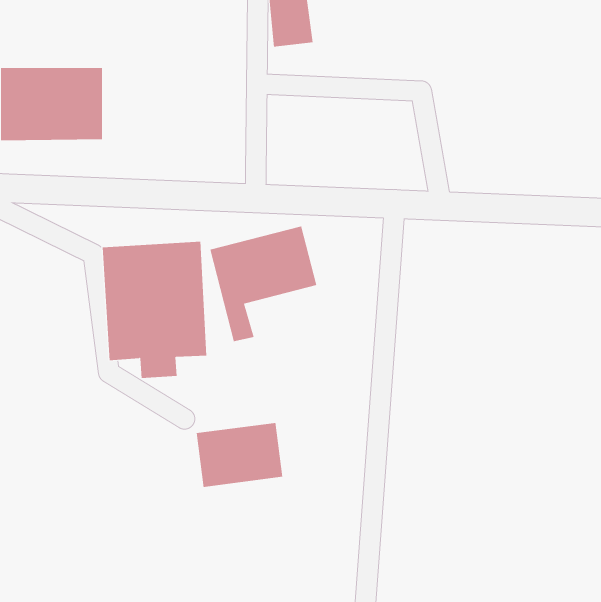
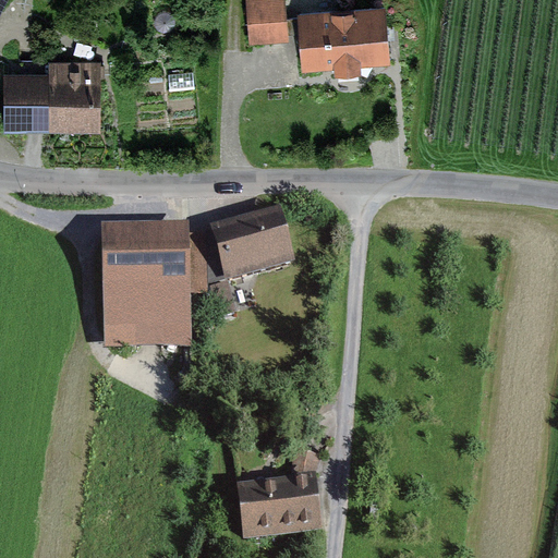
building: none -> [295,8,391,71]
building: [196,422,283,487] -> [235,477,316,537]

